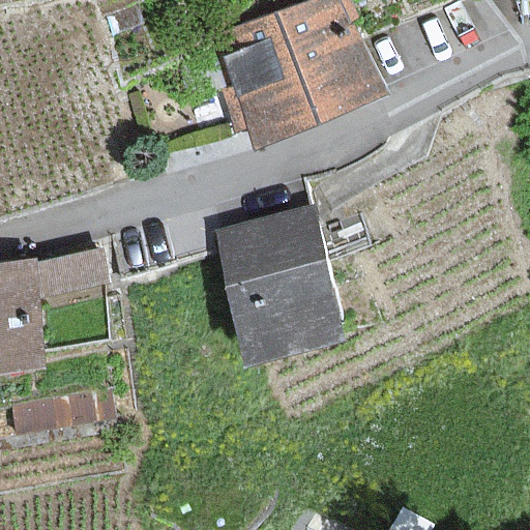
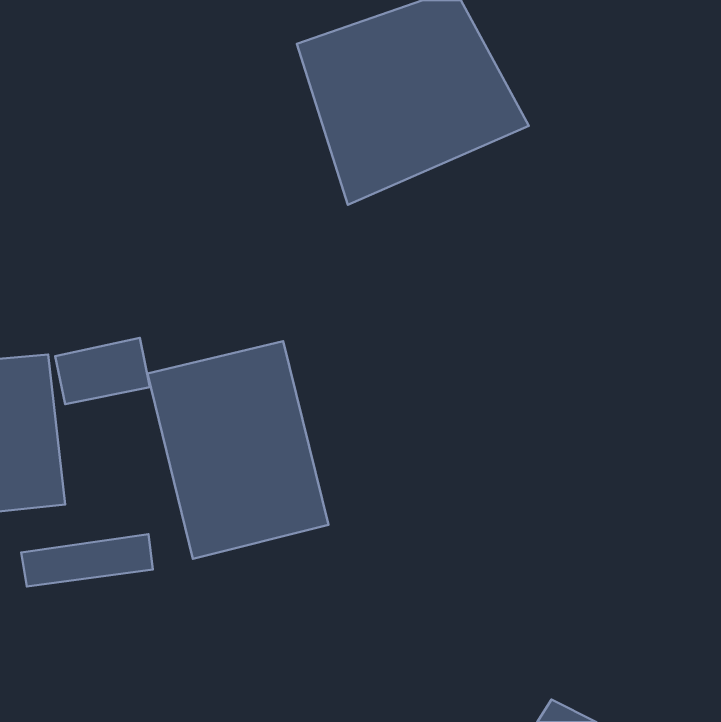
building: [212,207,345,366] -> [147,341,328,559]

